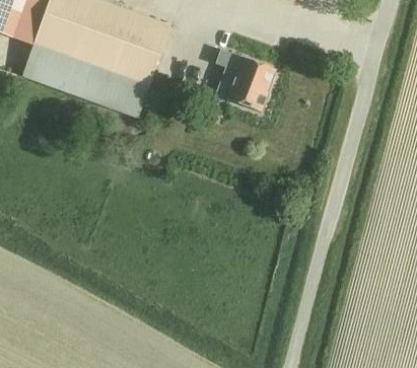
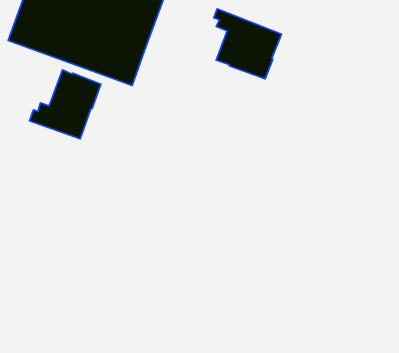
building: none -> [30,70,101,139]

